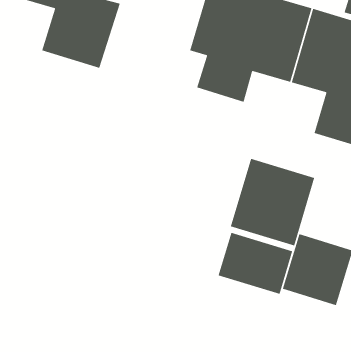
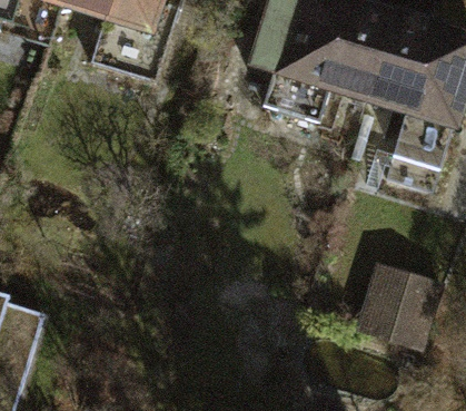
building: [230,158,315,247] -> none
building: [218,232,293,295] -> none

